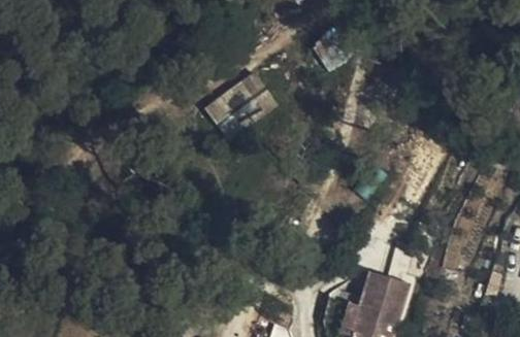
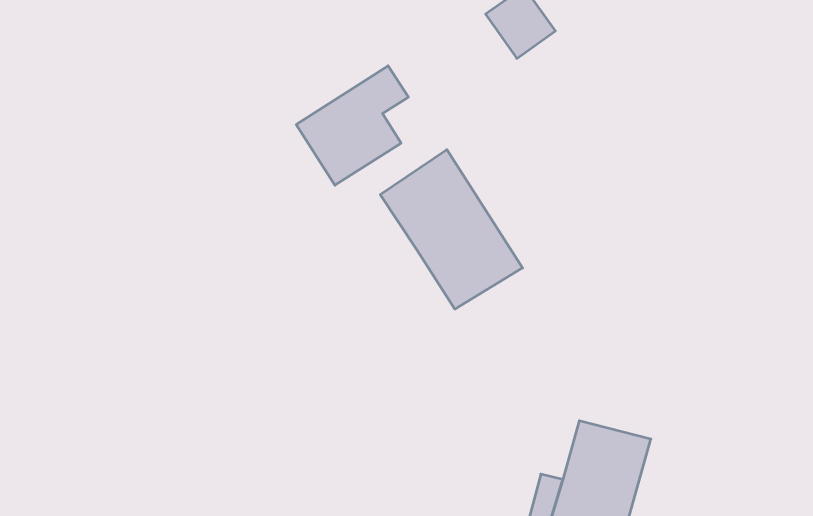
building: none -> [380,150,523,309]

